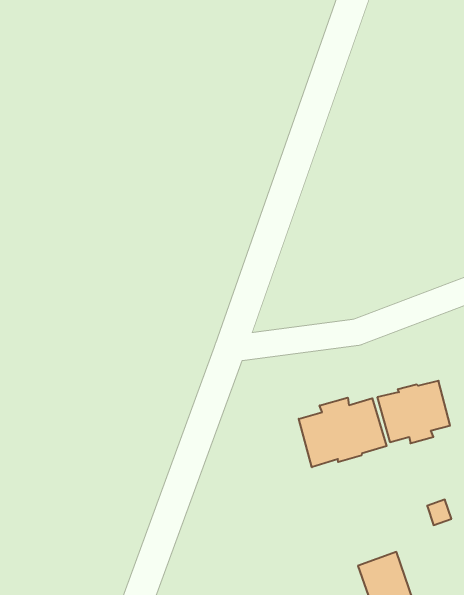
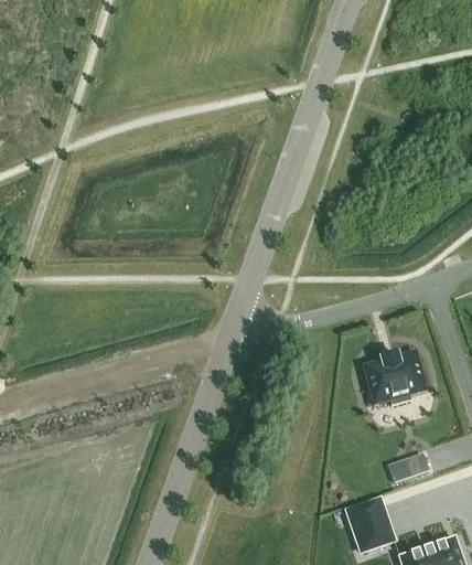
building: [299,398,387,467] -> none

